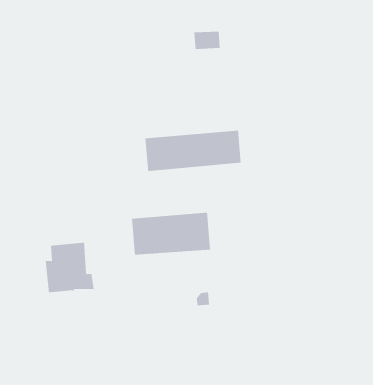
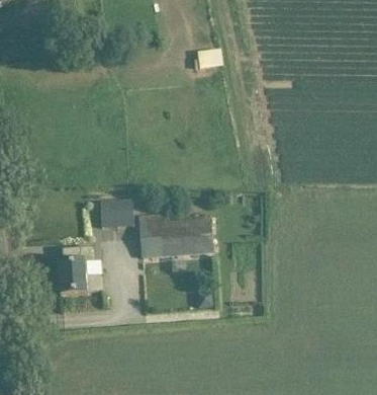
building: [145,130,241,172] -> none
building: none -> [100,195,135,224]

